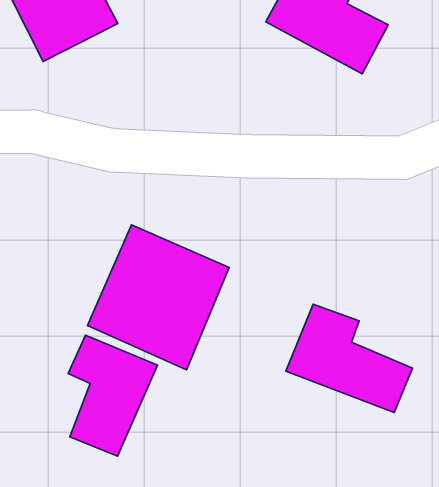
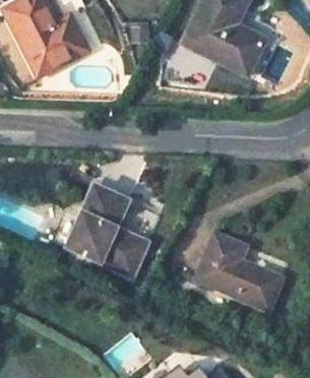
building: [68,335,157,456] -> none

